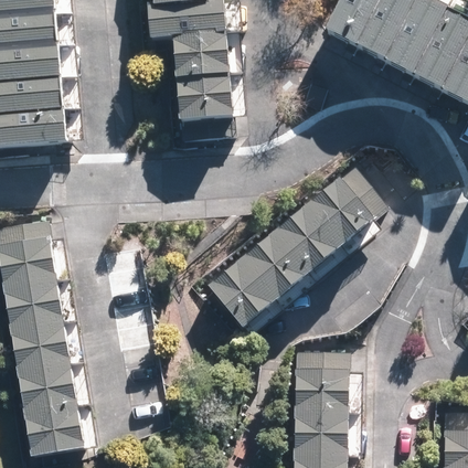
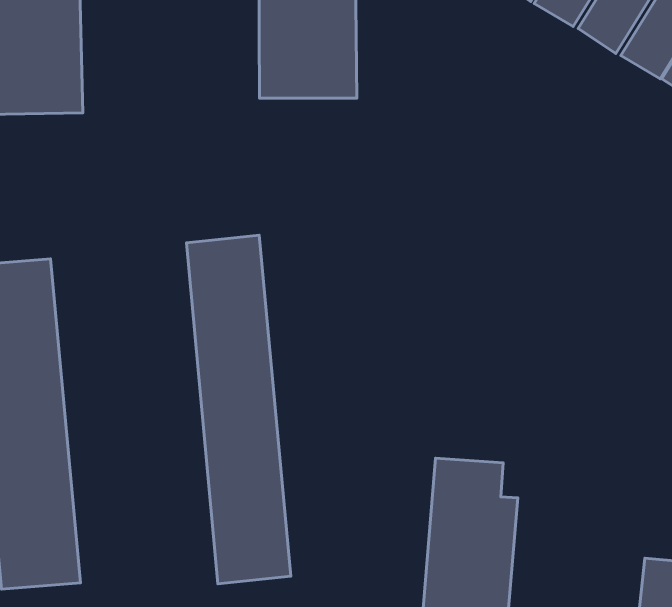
building: [206,169,382,329] -> none
building: none -> [186,235,291,584]

